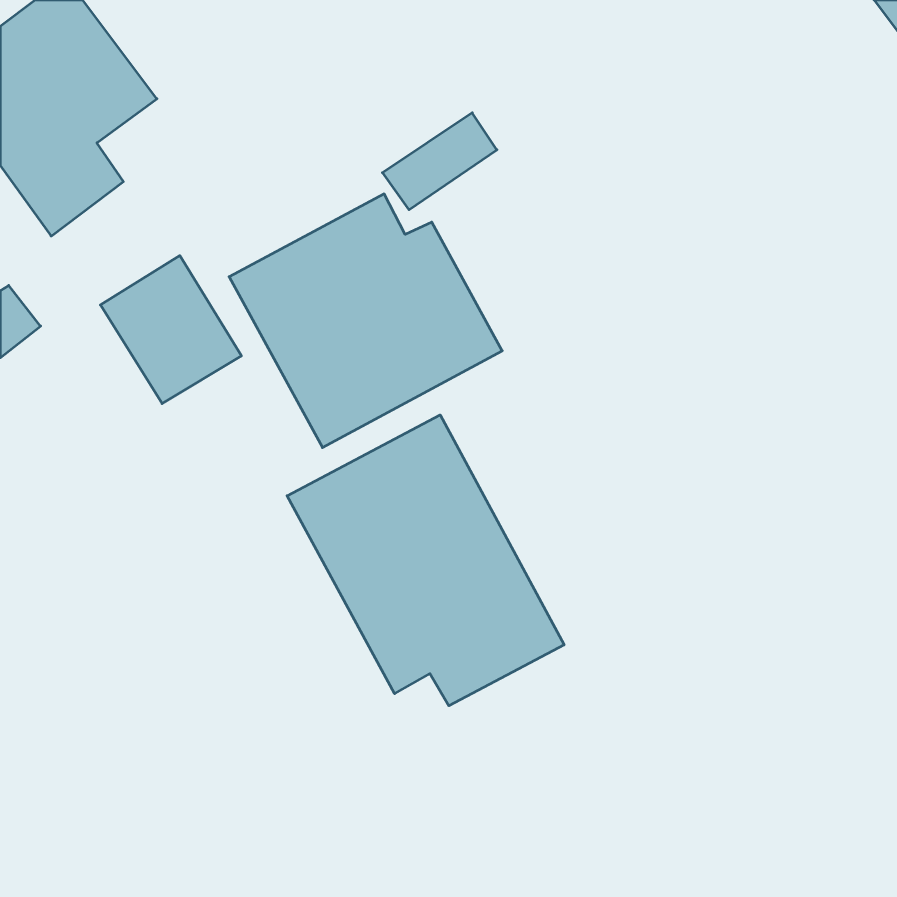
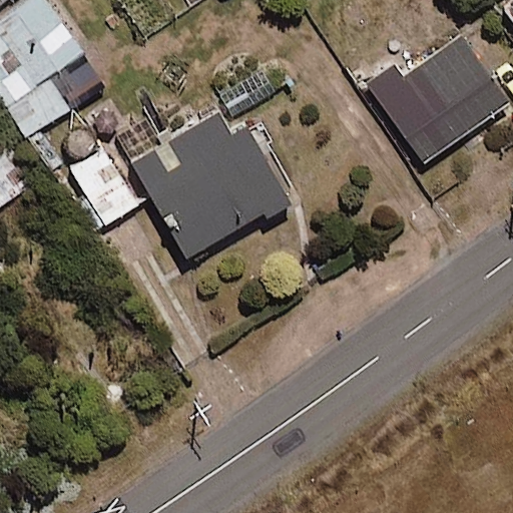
building: none -> [366,37,508,163]
building: [287,415,564,706] -> none

